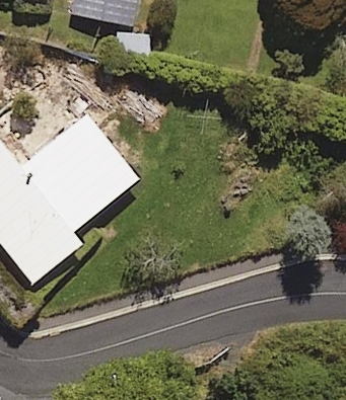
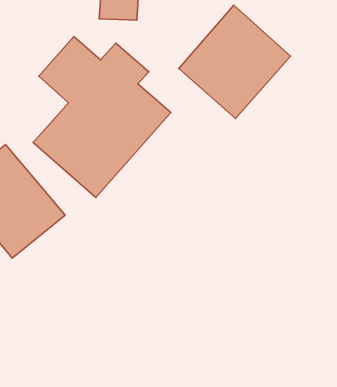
building: none -> [179,5,290,119]

